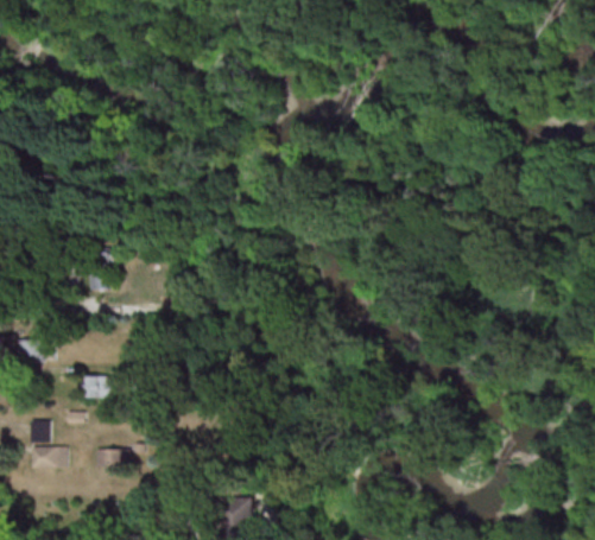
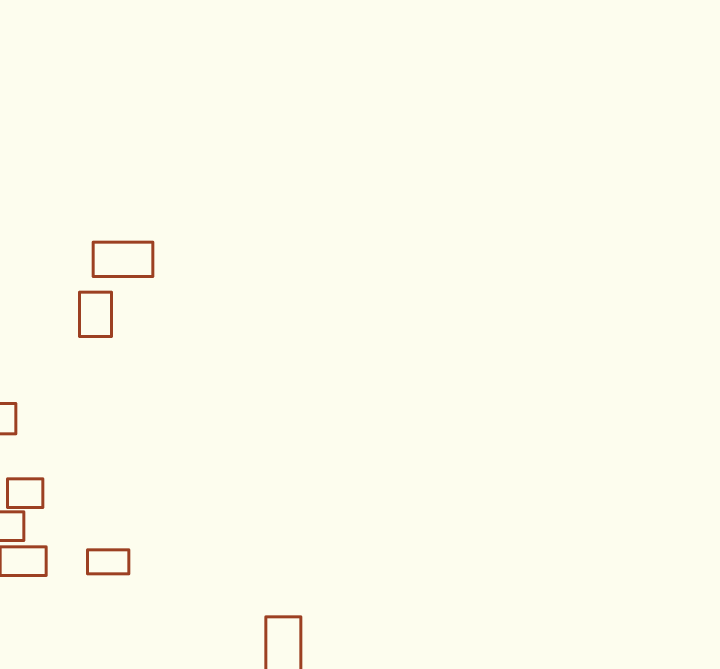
building: none -> [93,242,153,276]
building: [83,375,109,396] -> [8,479,43,507]

